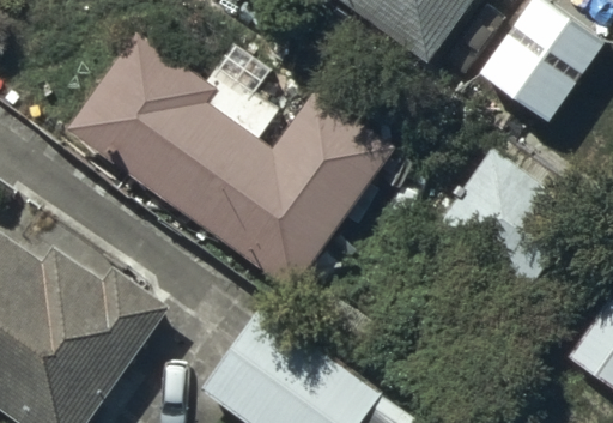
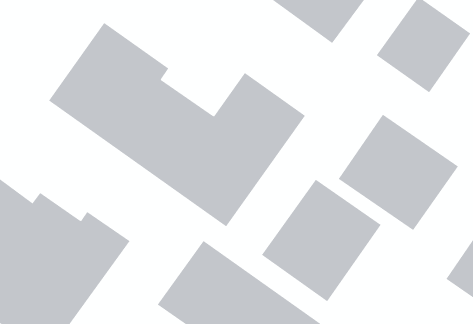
building: none -> [261,179,381,302]

